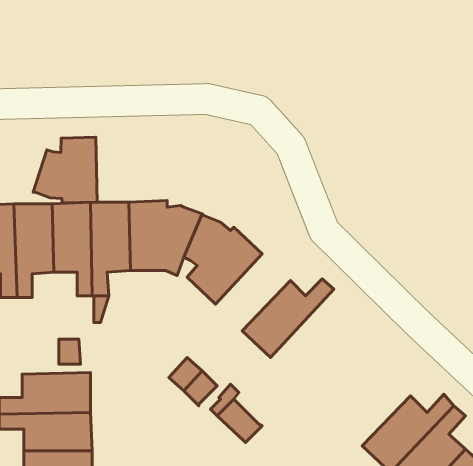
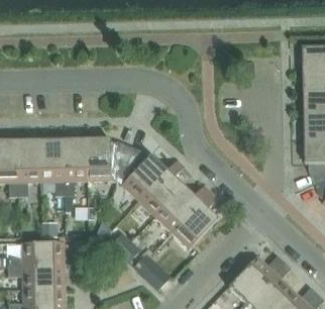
building: [33,137,97,203] -> none
building: none -> [138,161,184,217]
building: none -> [172,192,217,249]

